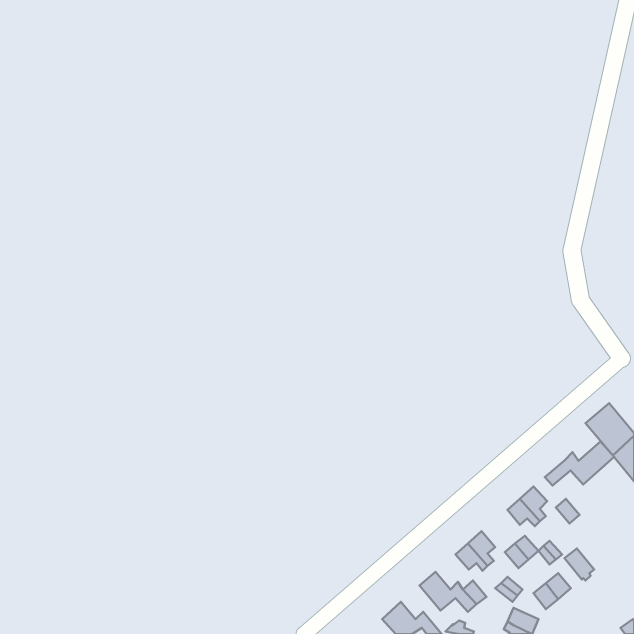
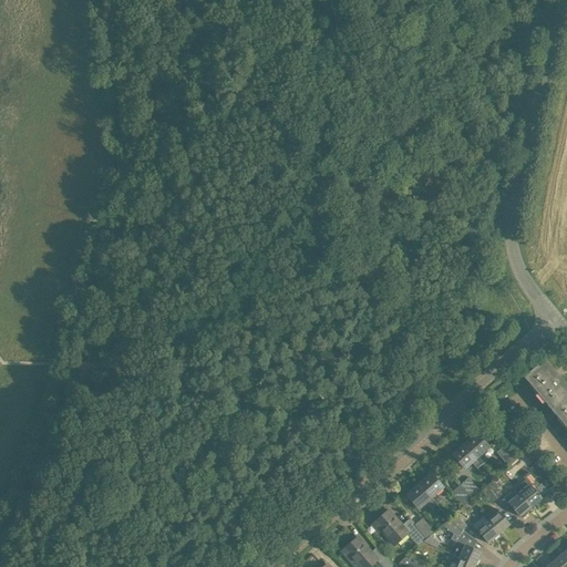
building: [545,441,614,486] -> none
building: none -> [515,473,542,508]

